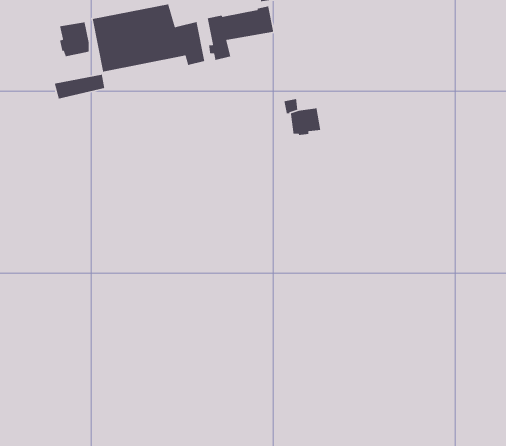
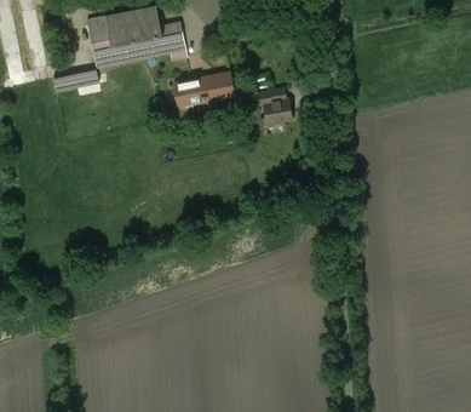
building: [207,6,274,61] -> [173,70,234,120]
building: [59,21,89,57] -> none

